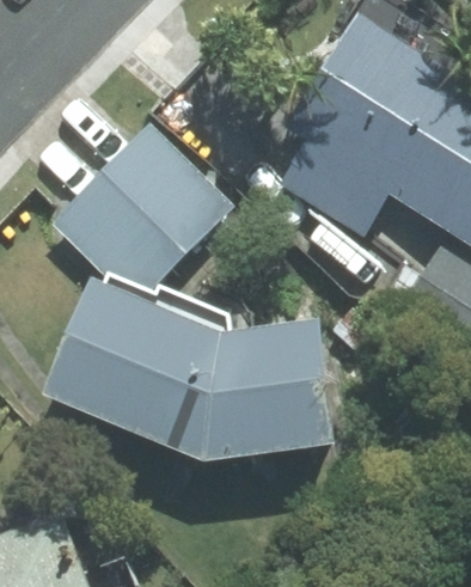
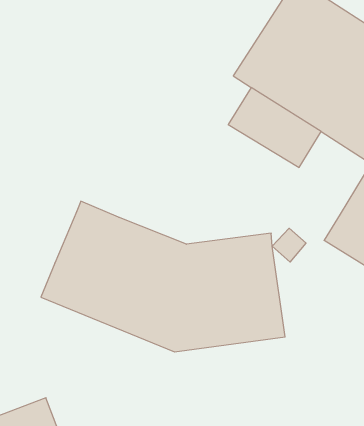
building: [47,124,233,298] -> none

